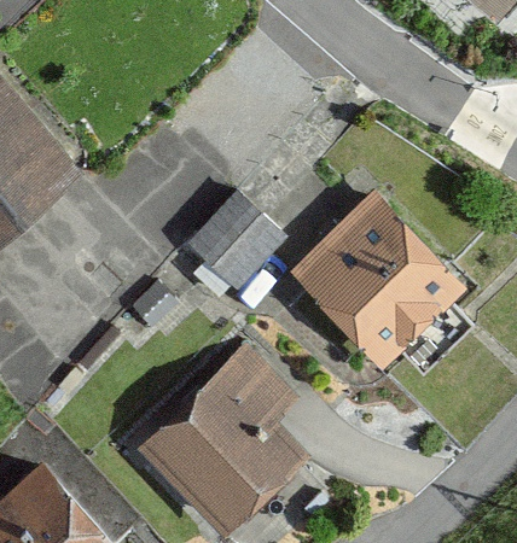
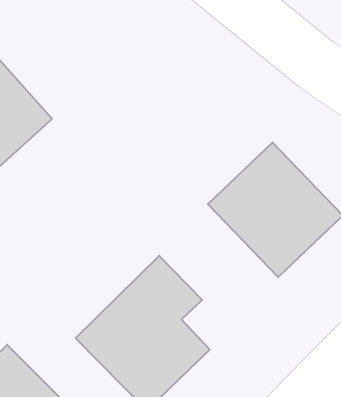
building: [180,185,281,286] -> none

